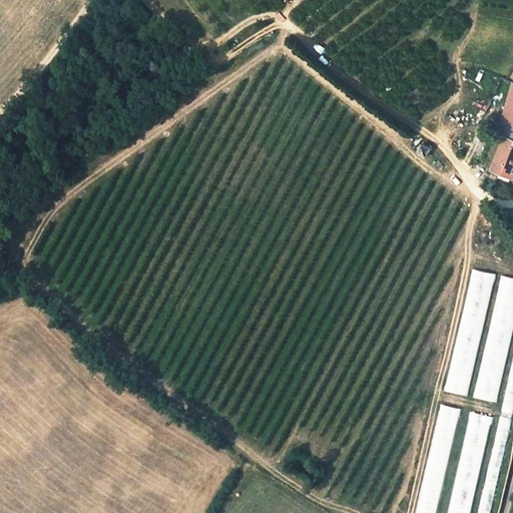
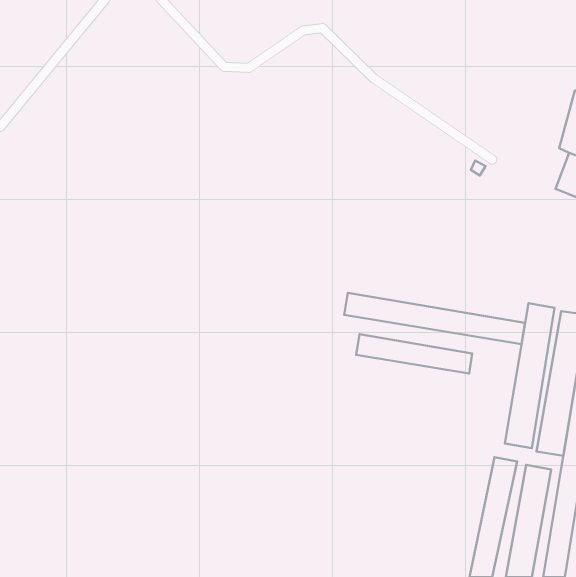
building: none -> [344,293,525,344]
building: none -> [356,334,472,373]

